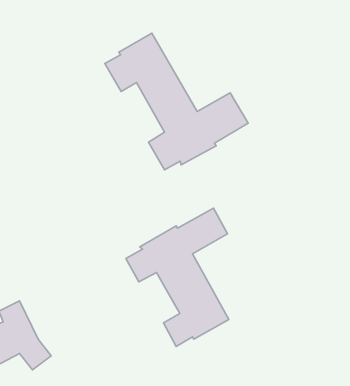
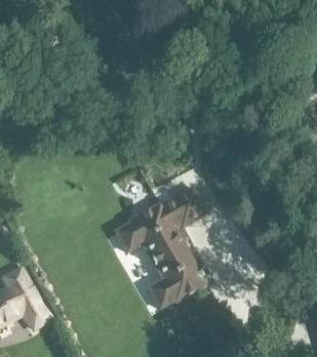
building: [105,33,248,170] -> none

